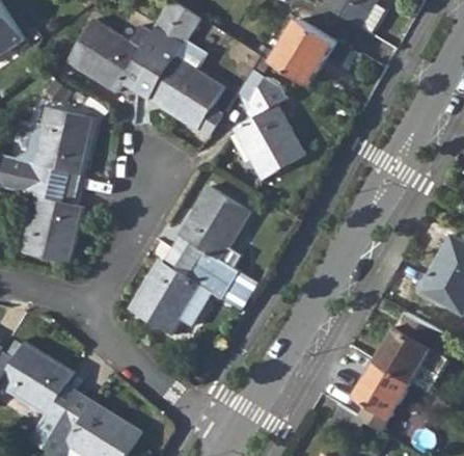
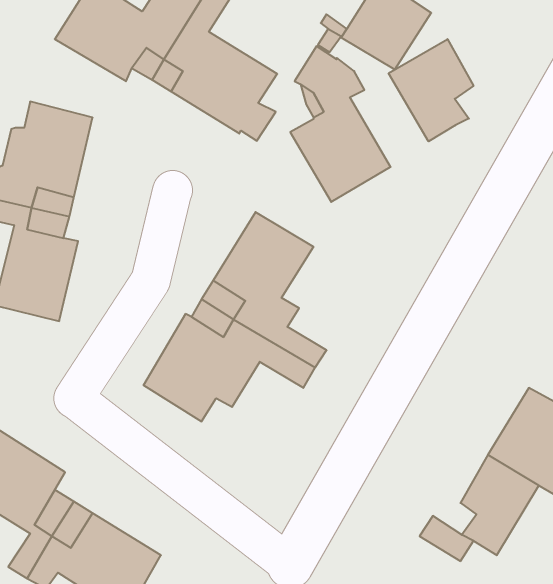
building: none -> [389,39,473,141]

